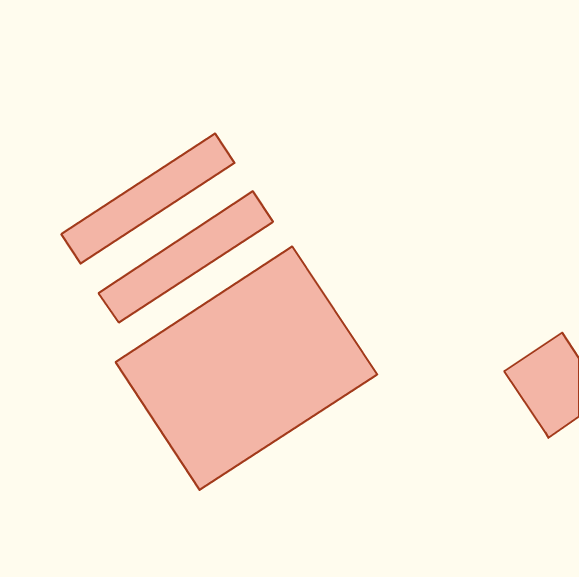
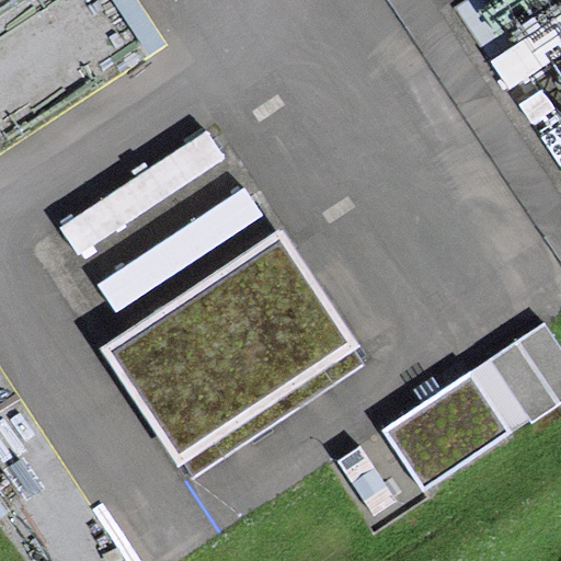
building: none -> [381,359,527,490]

